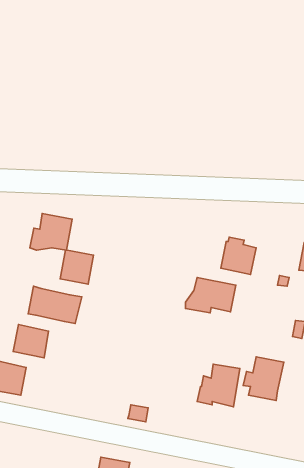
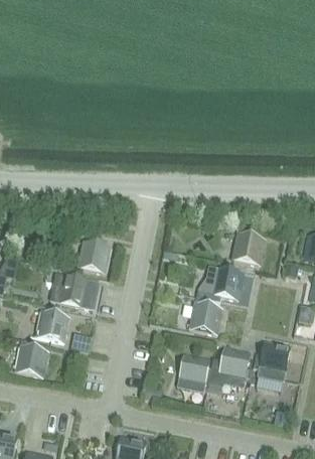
building: [30,214,72,250] -> none
building: none -> [189,295,222,331]
building: none -> [178,352,212,386]

